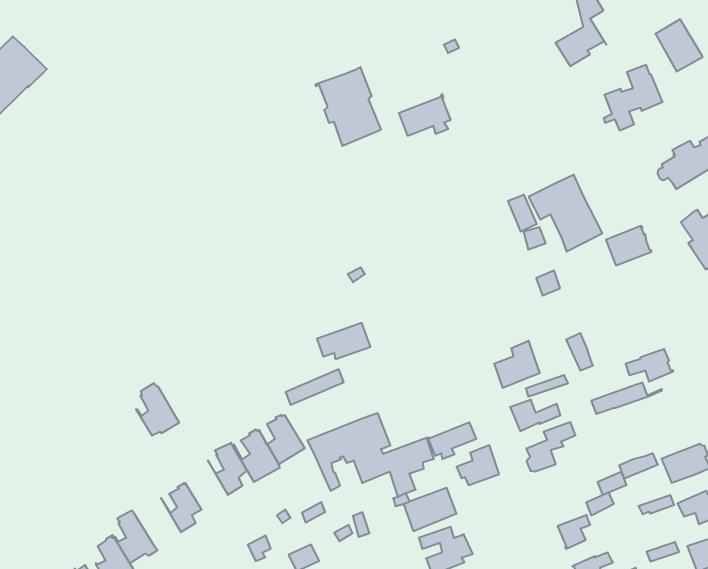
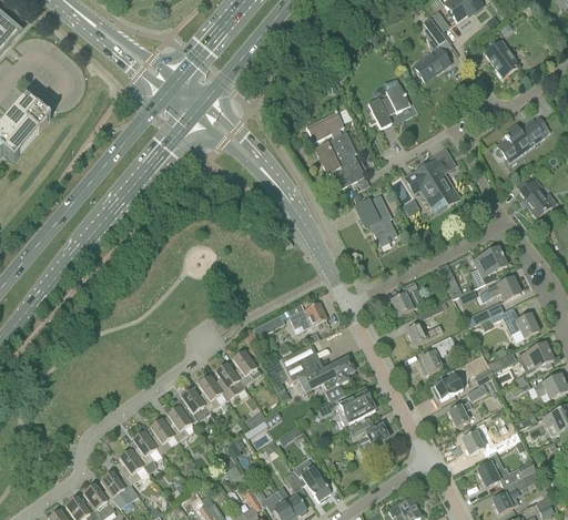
building: [604,65,663,130] -> [368,78,410,126]
building: [315,67,381,146] -> [315,131,365,188]
building: none -> [355,193,397,244]
building: [606,226,651,265] -> [474,246,507,276]
building: [317,323,370,359] -> [288,300,327,328]
building: [136,383,179,436] -> [179,385,211,422]
building: none -> [481,306,539,337]
building: [427,422,476,459] -> none
building: [456,445,499,485] -> [432,368,463,398]
building: none -> [144,417,179,452]

